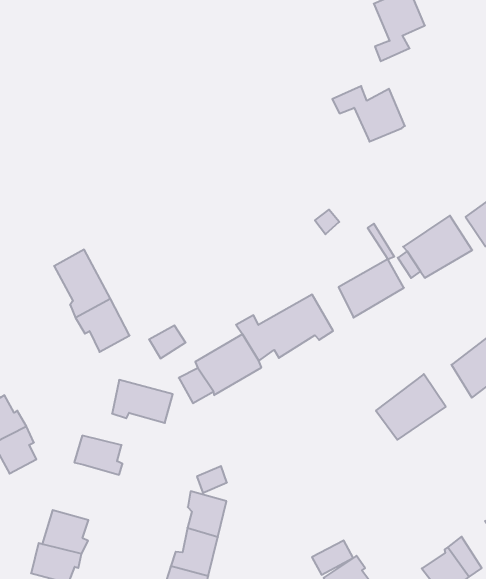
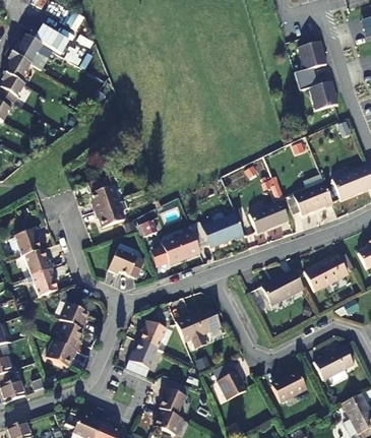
building: [332,86,405,142] -> [296,77,336,111]
building: [74,436,123,475] -> [57,302,86,328]
building: none -> [174,310,218,348]

